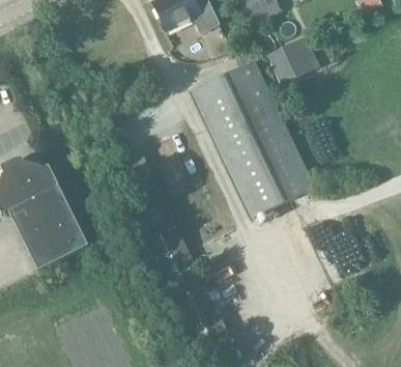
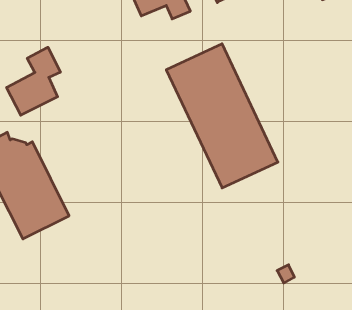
building: [271,40,308,81] -> none
building: none -> [7,47,60,115]

